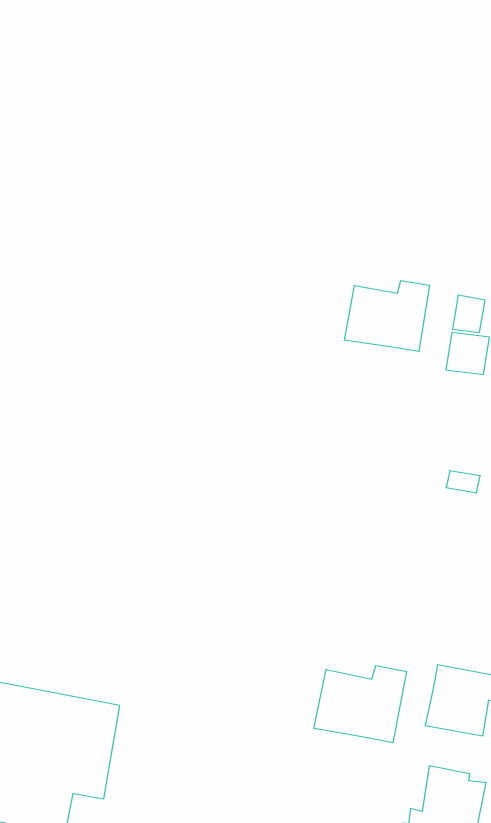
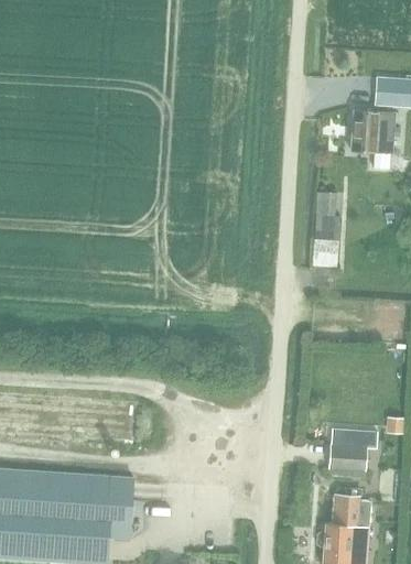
building: [344,281,430,352] -> none
building: [314,666,406,743] -> none

